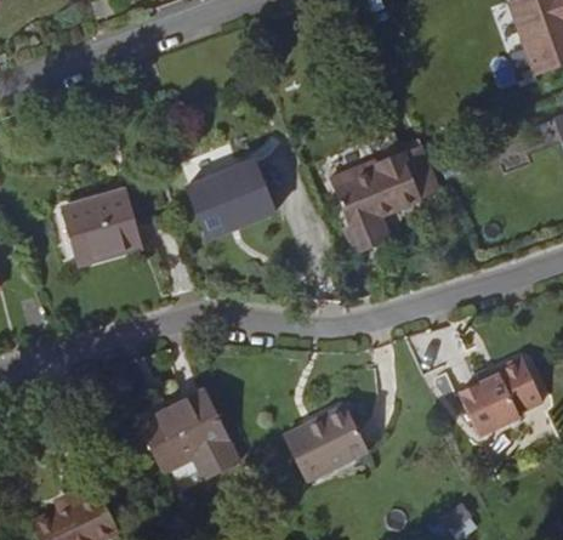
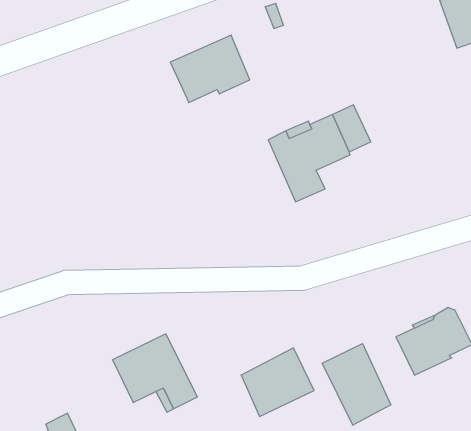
building: [188,159,277,234] -> [170,35,250,103]
building: [66,201,144,273] -> none
building: none -> [322,344,391,425]

